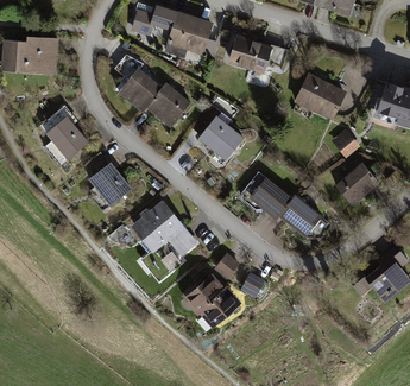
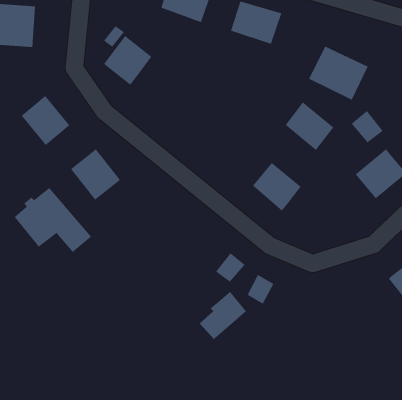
building: [145,78,189,122] -> none
building: [200,118,244,160] -> none
building: [277,191,320,234] -> [285,101,334,151]
building: [131,201,198,258] -> [14,187,92,253]
building: [182,274,225,317] -> none

